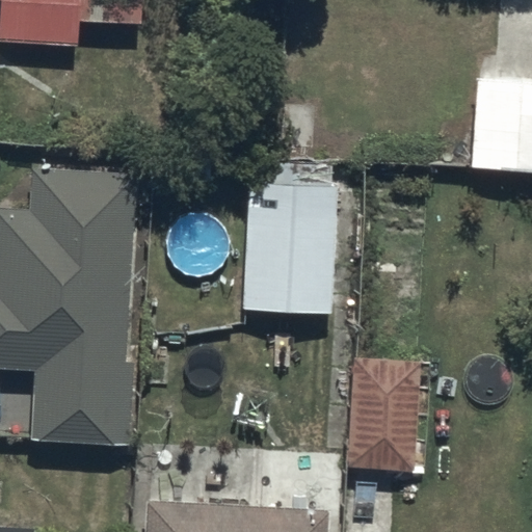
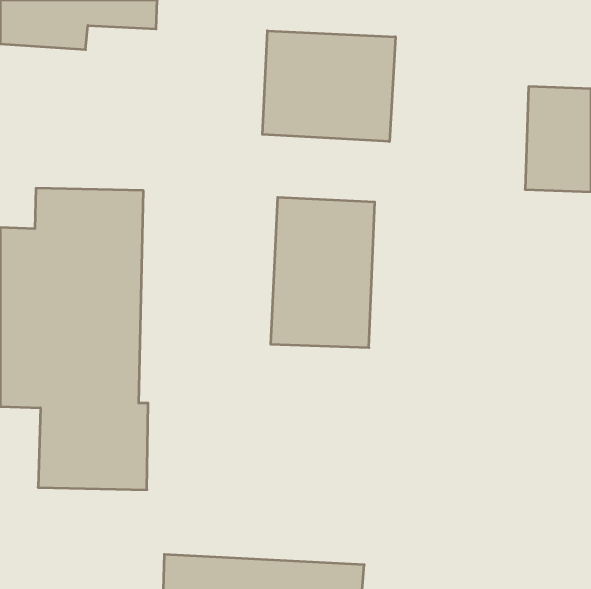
building: none -> [262,31,395,142]
building: [348,358,422,473] -> none

